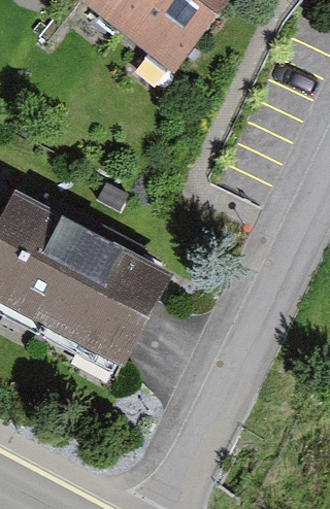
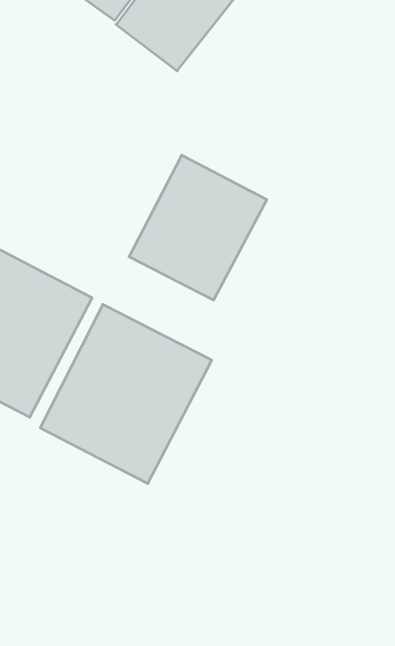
building: none -> [129,155,267,300]

